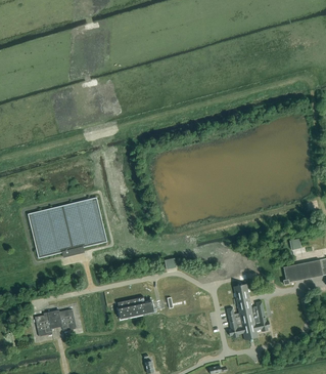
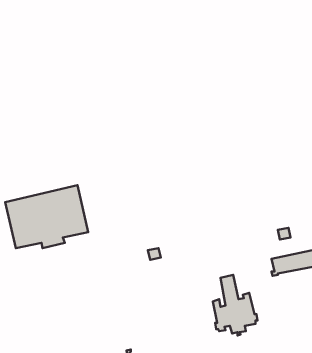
building: [117,297,153,319] -> none
building: [34,308,76,336] -> none

